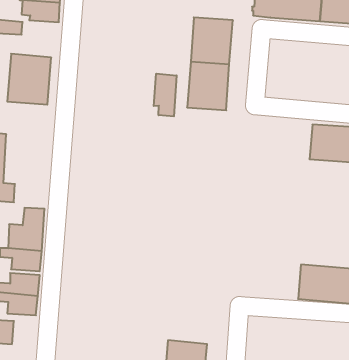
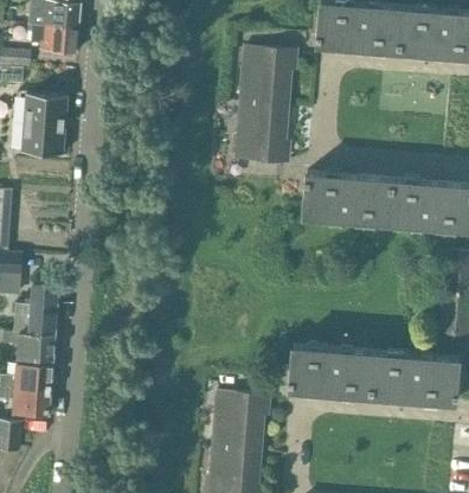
building: [154,74,177,116] -> none
building: none -> [304,174,391,224]
building: none -> [288,347,377,397]
building: none -> [212,393,265,453]

